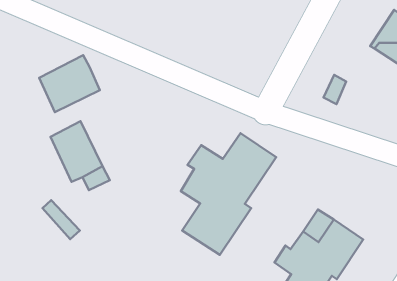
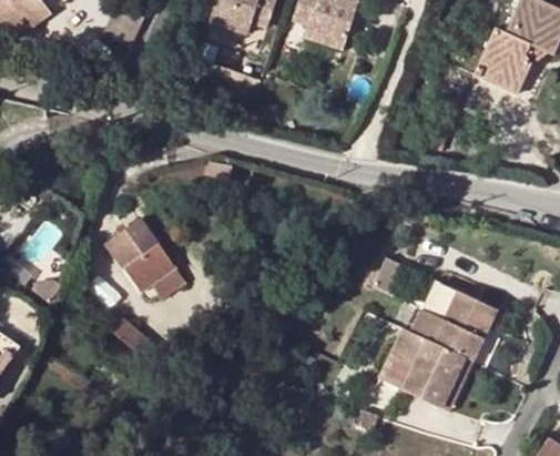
building: [39,55,100,112] -> none
building: [181,133,276,255] -> none

